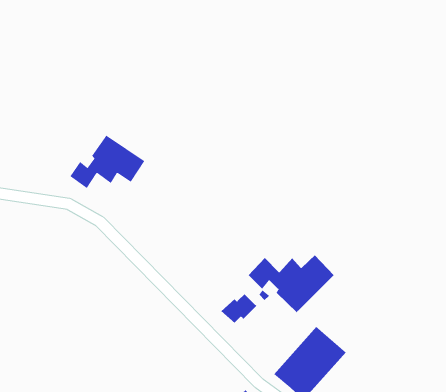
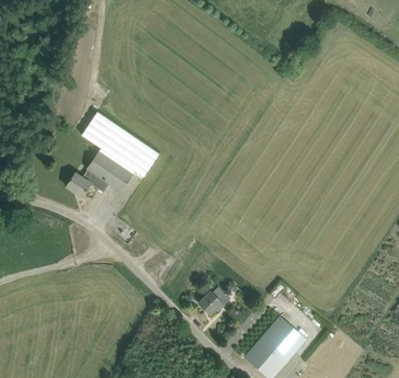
building: none -> [81,111,159,177]
building: [248,255,335,313] -> none

